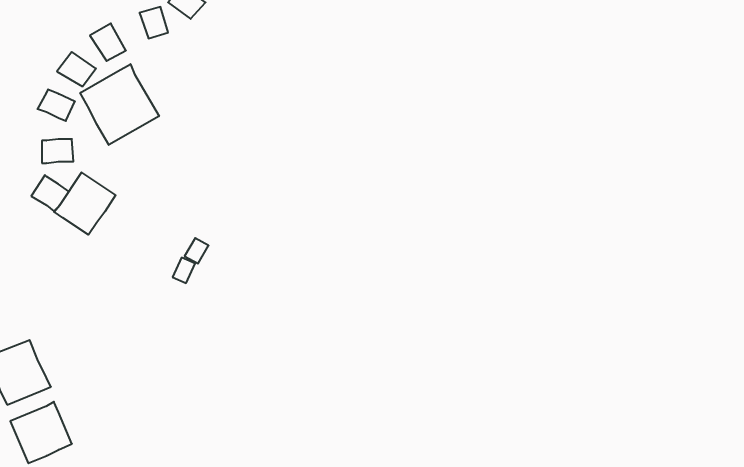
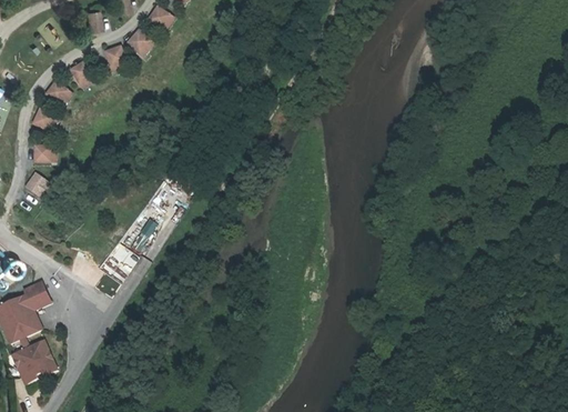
building: [80,64,159,145] -> none
building: [54,172,116,235] -> none
building: none -> [22,280,49,308]

